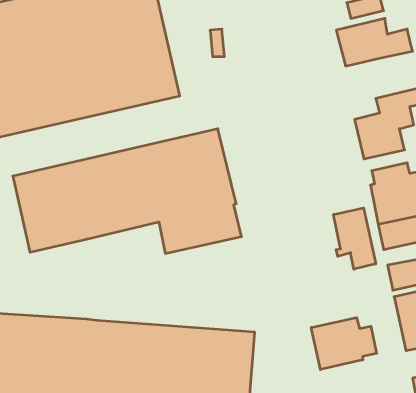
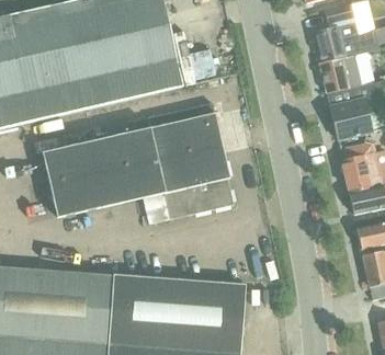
building: none -> [318,55,359,92]
building: [334,208,376,269] -> none
building: [311,318,377,370] -> none

